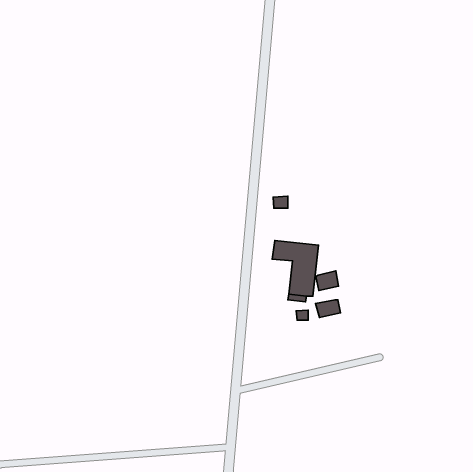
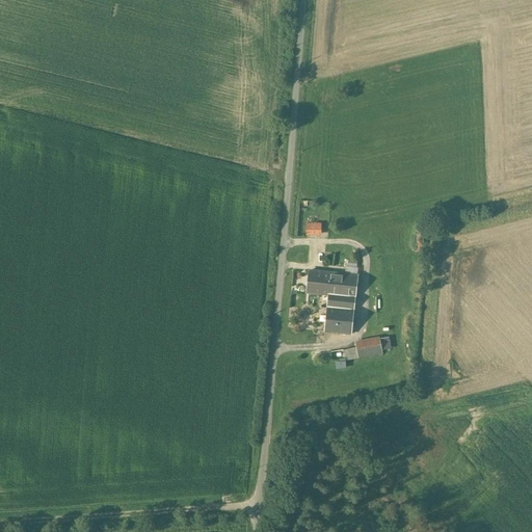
building: [316,271,338,290] -> none

